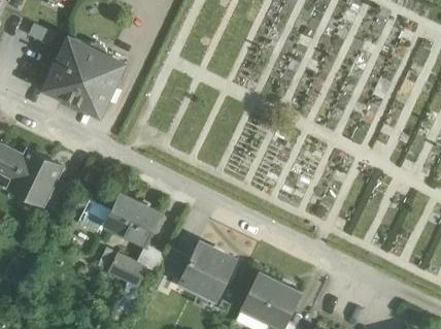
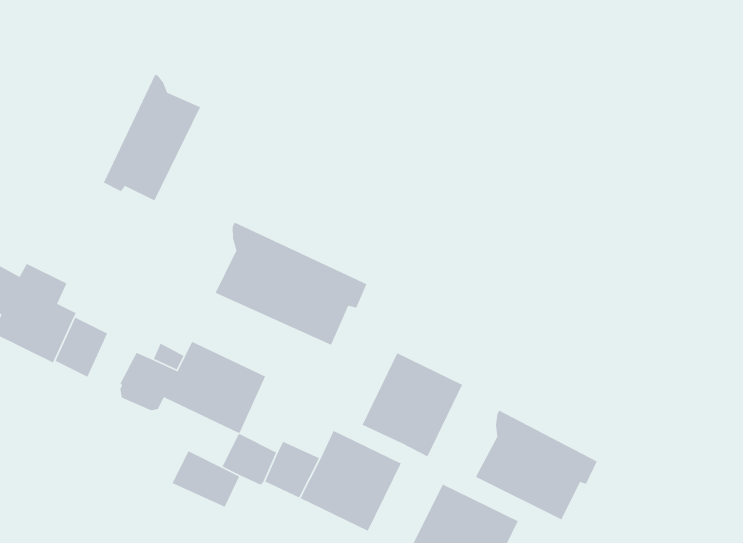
building: [44,38,100,106] -> none
building: none -> [215,222,368,346]
building: none -> [361,352,463,457]
building: none -> [475,409,598,521]

